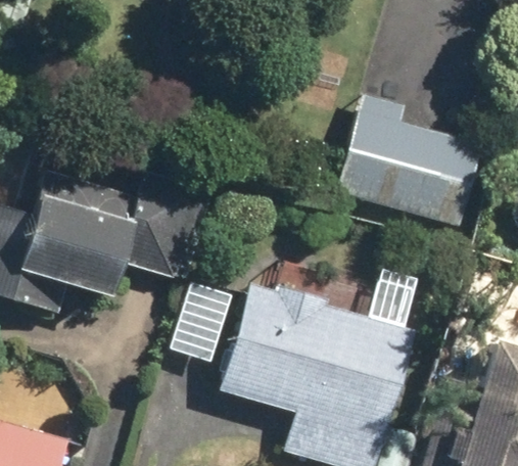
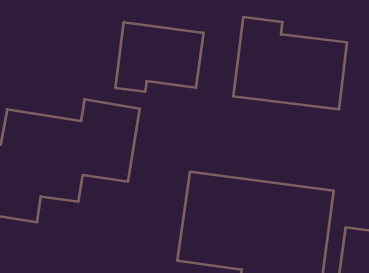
building: none -> [116,22,203,92]

